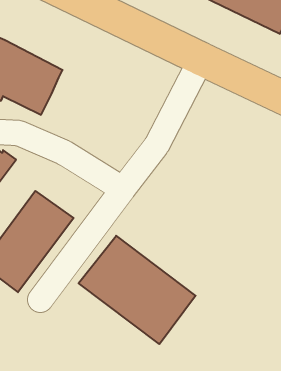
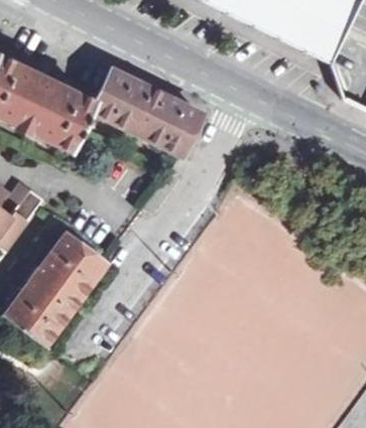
building: none -> [90,67,202,153]
building: [79,236,196,344] -> none

